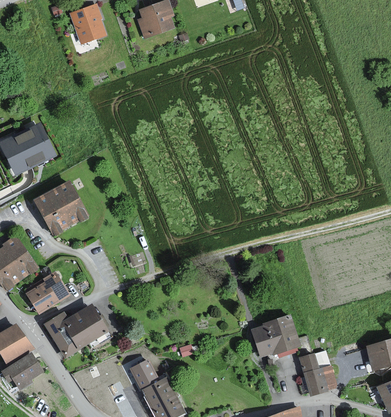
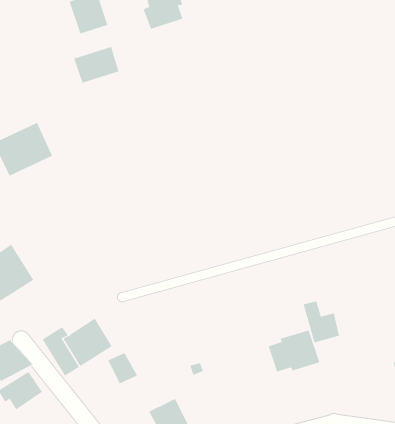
building: none -> [74,46,119,83]
building: [33,181,87,235] -> none
building: [23,274,68,313] -> none
building: [300,354,334,393] -> [303,301,340,343]
building: [130,361,158,390] -> [108,353,138,384]

